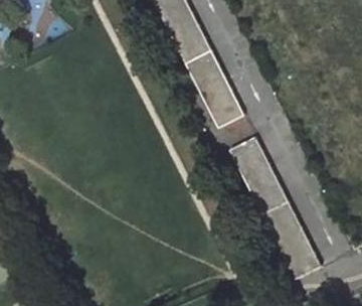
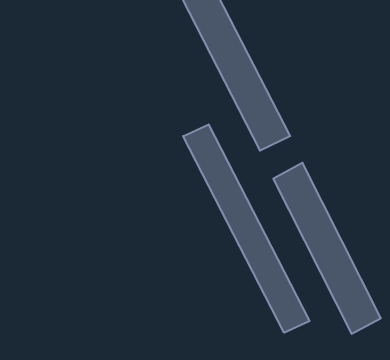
building: none -> [183,124,310,333]

